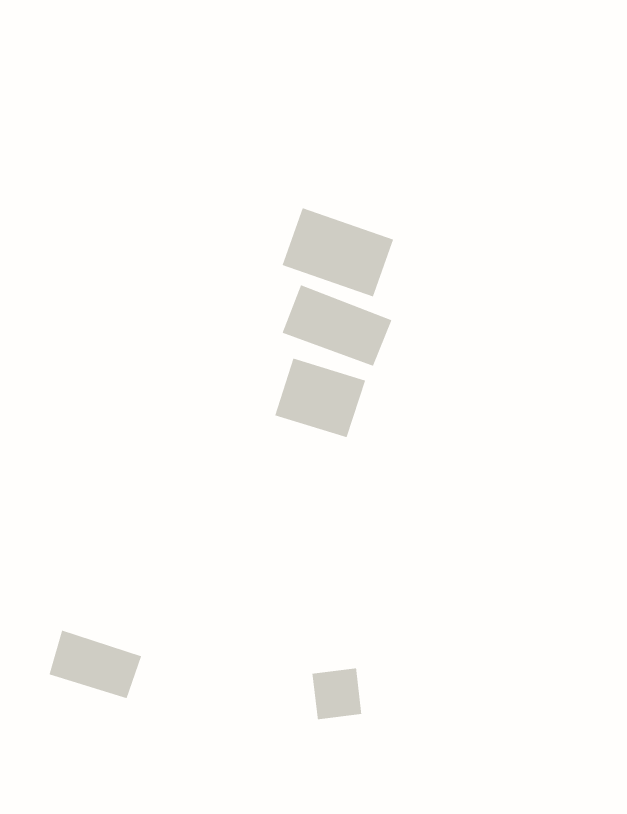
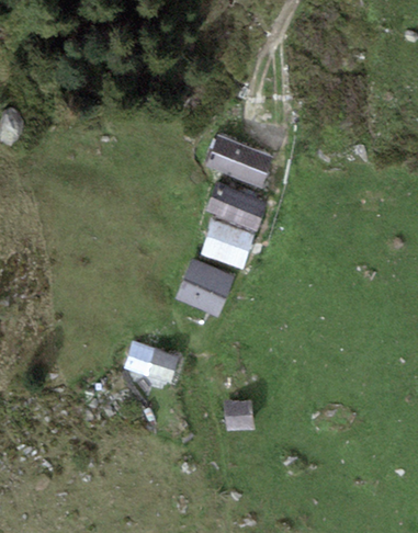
building: none -> [174,261,233,317]
building: [48,630,142,699] -> [124,345,179,386]

